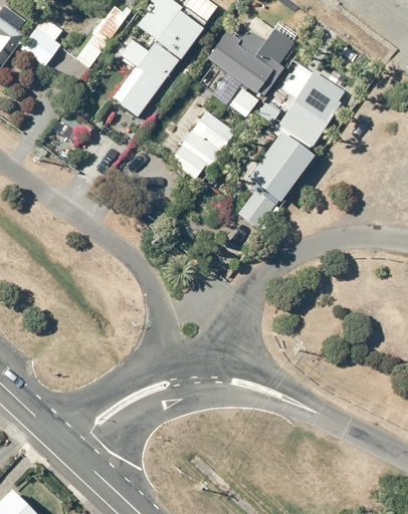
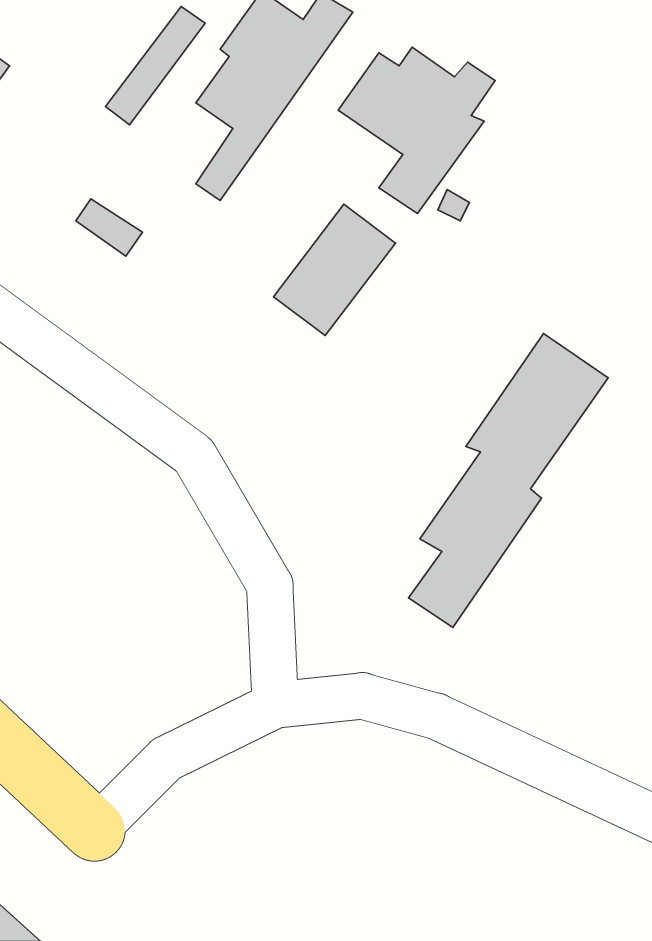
building: [23,17,65,66] -> none
building: [240,68,349,228] -> [409,334,608,627]

